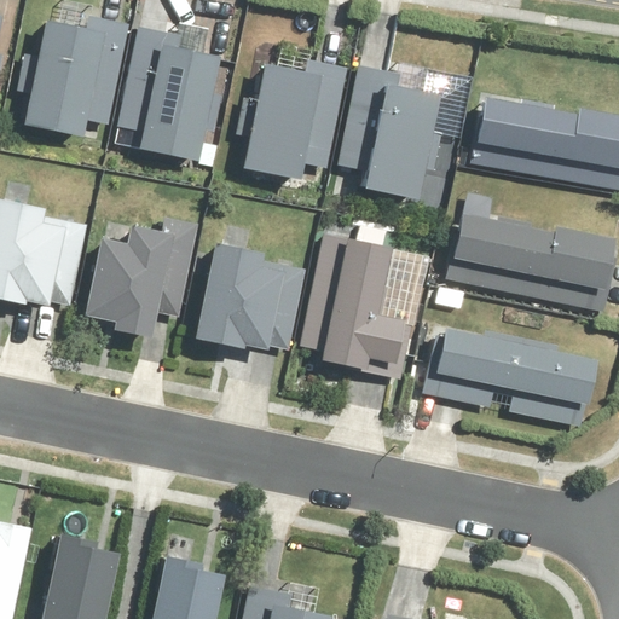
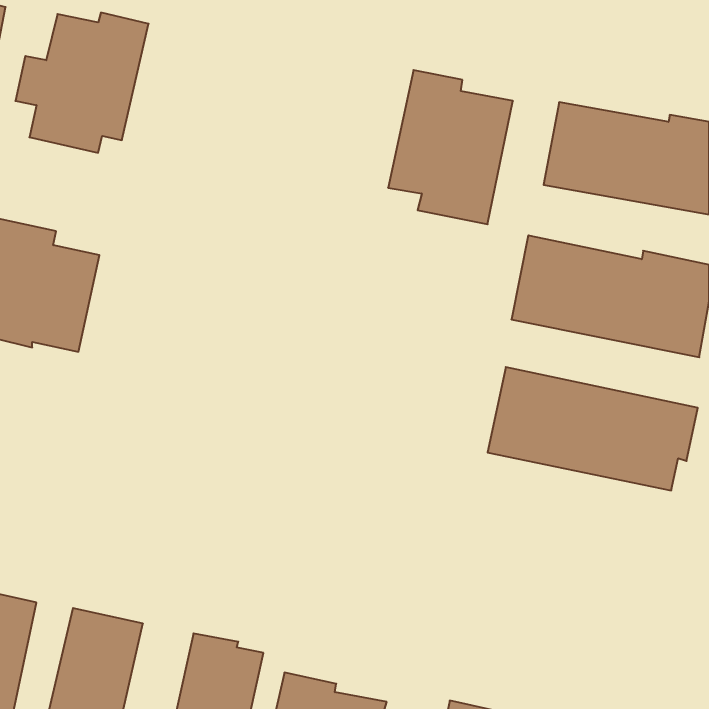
building: [115,28,222,161] -> none
building: [244,60,345,178] -> none
building: [86,219,197,337] -> none
building: [295,230,412,383] -> none
building: [197,239,303,355] -> none

